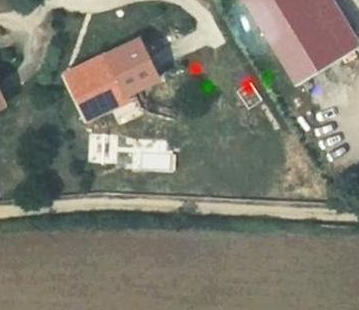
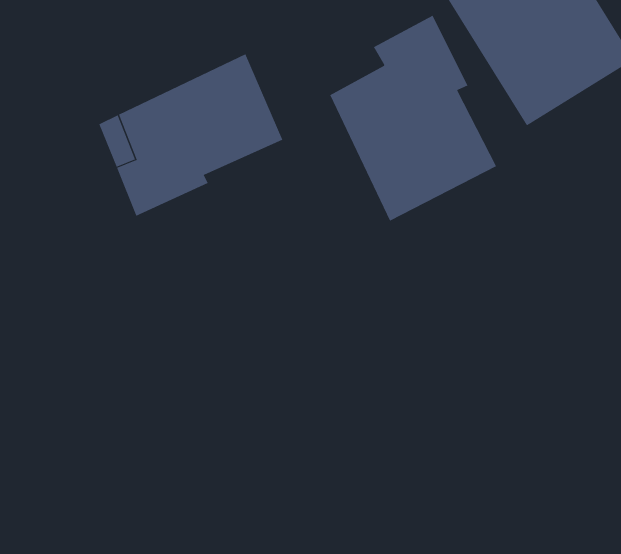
building: none -> [329,15,497,221]

